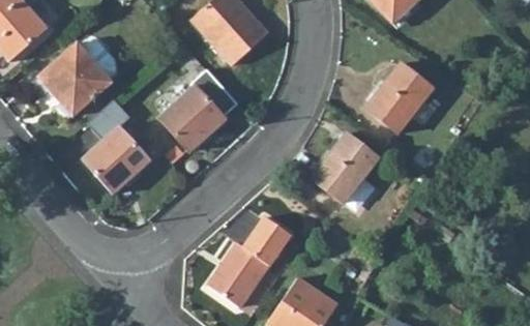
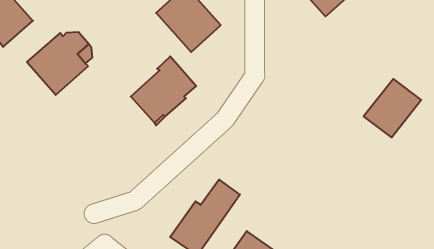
building: [365,63,434,132] -> [364,79,421,137]
building: [84,98,150,192] -> none
building: [312,132,380,203] -> none

